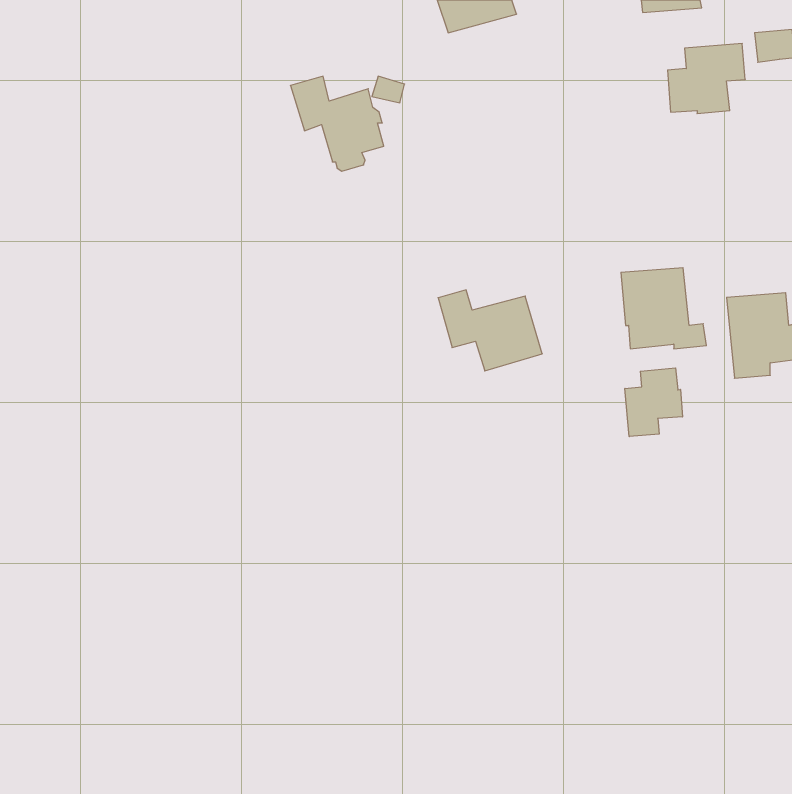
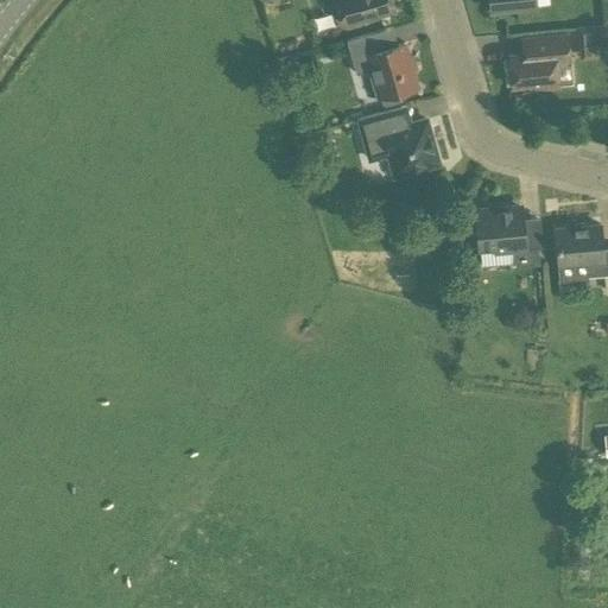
building: [290,76,384,171] -> [348,33,419,106]
building: [438,290,542,371] -> [361,115,441,177]
building: [625,368,682,437] -> none

